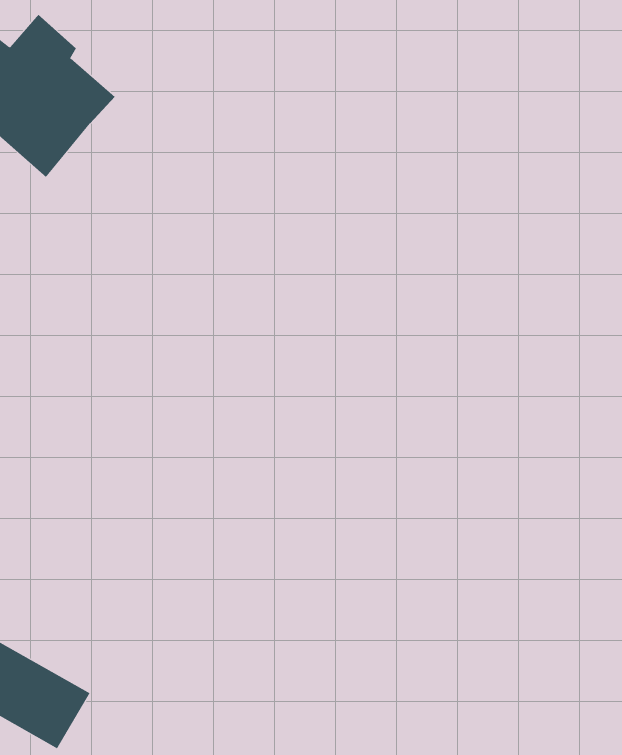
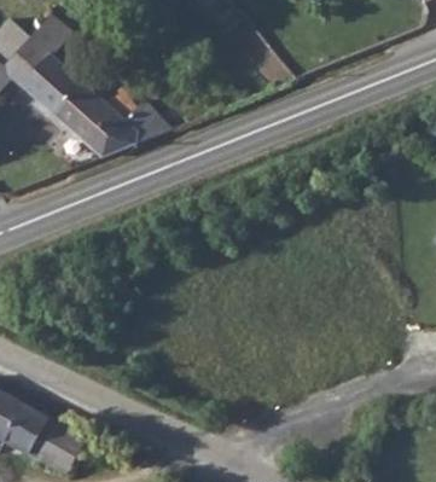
building: none -> [54,82,161,153]

